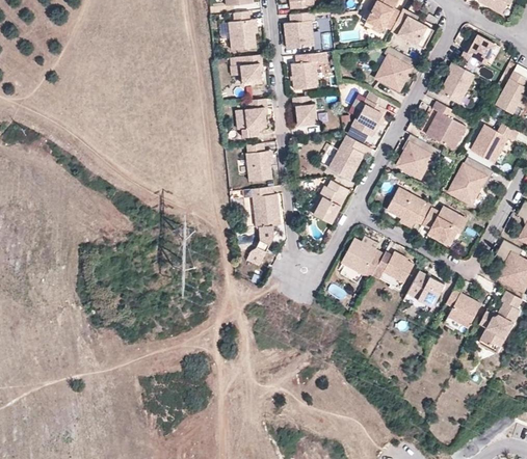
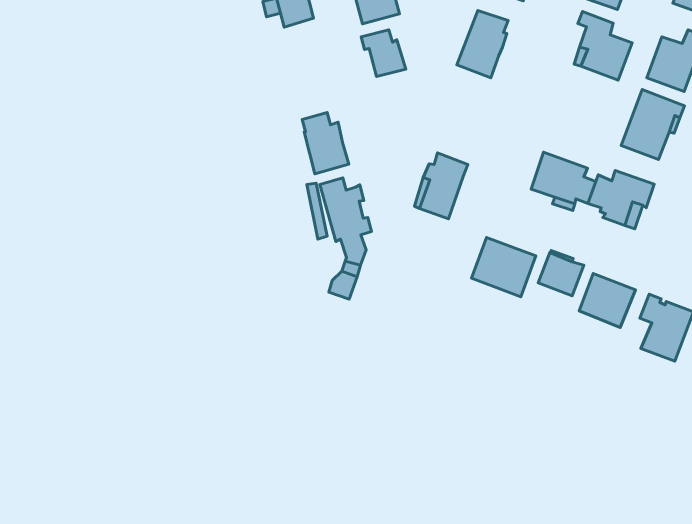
building: [241,98,267,137] -> none
building: [328,135,371,180] -> none
building: [397,135,440,180] -> none

